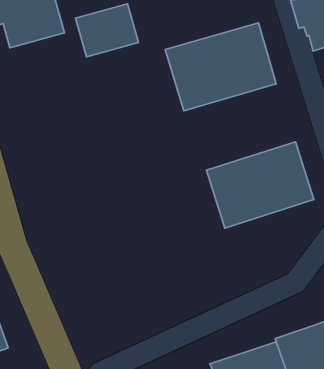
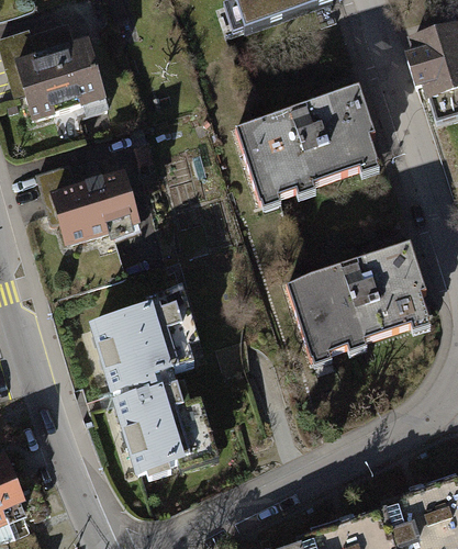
building: [76,4,139,57] -> [55,173,137,243]
building: none -> [90,295,212,480]

